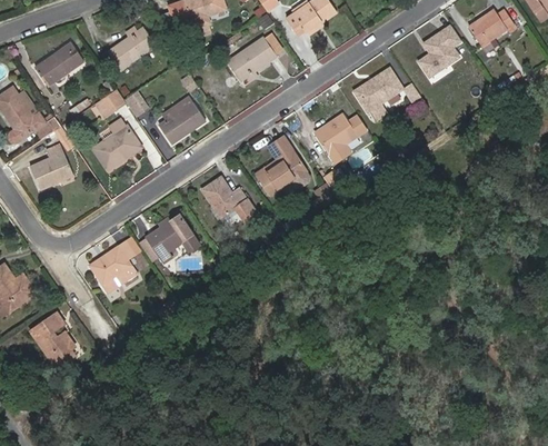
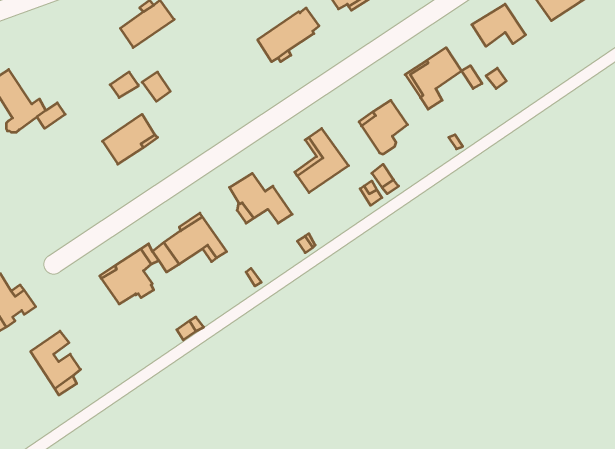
building: [34,42,82,86] -> none
building: [158,101,205,142] -> none
building: [30,145,71,188] -> none

